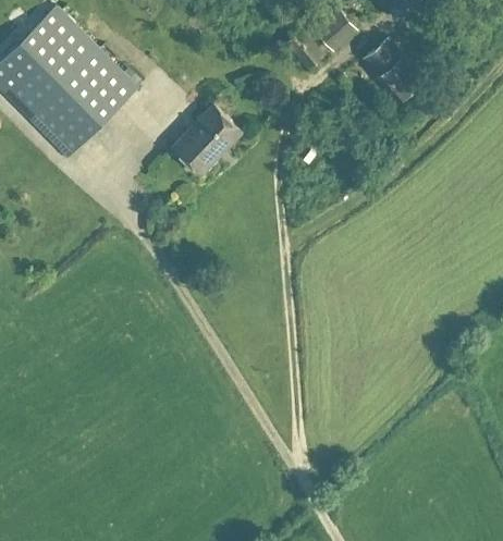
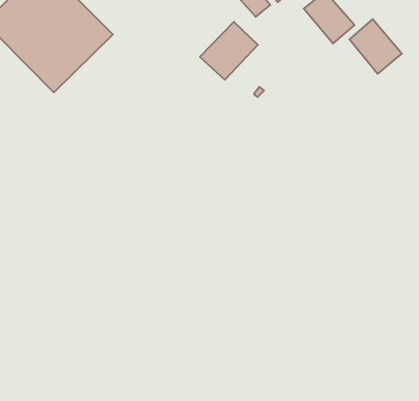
building: none -> [349,19,402,74]
building: [173,104,242,173] -> [200,22,258,80]

